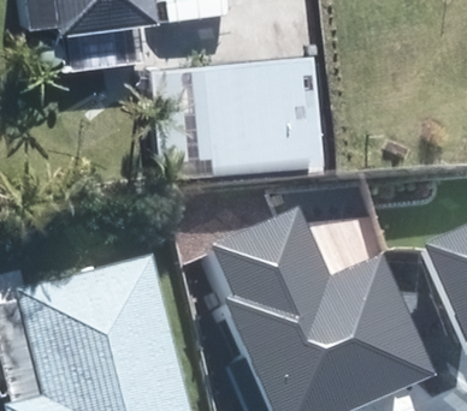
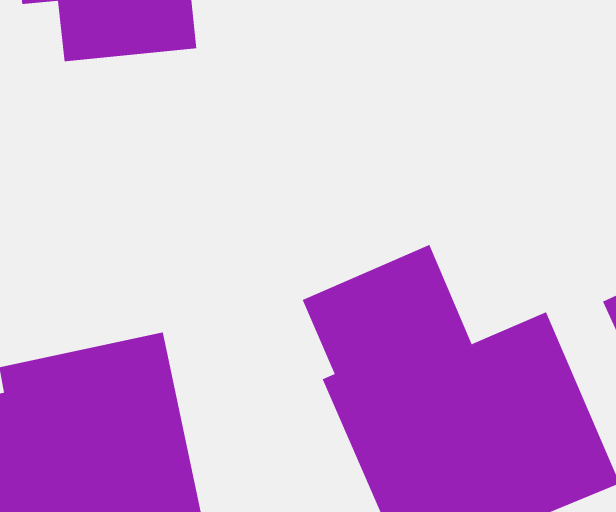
building: [206,54,325,179] -> none

